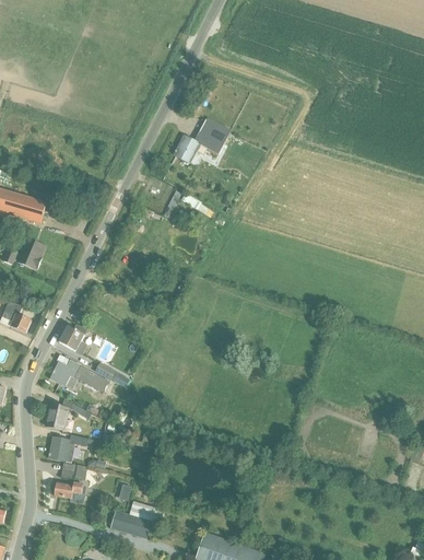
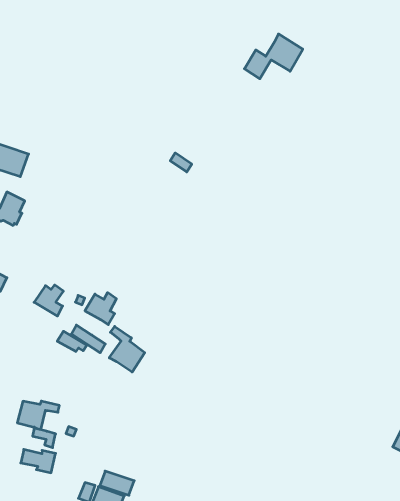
building: [173,119,227,163] -> [244,34,303,79]
building: [49,360,79,390] -> [85,293,116,325]
building: none -> [109,326,145,372]
building: [46,399,73,430] -> none

